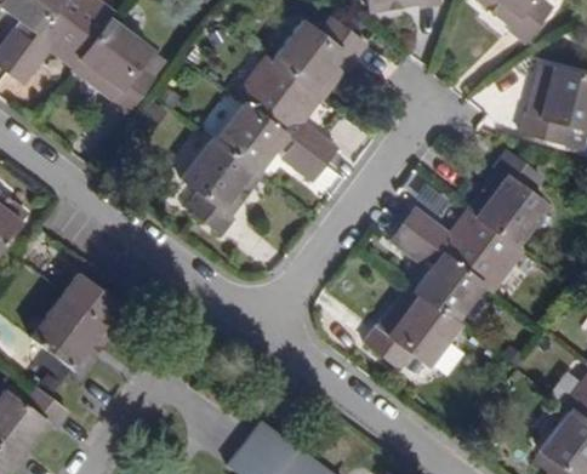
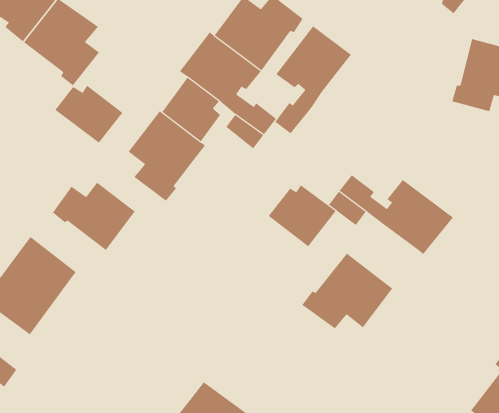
building: none -> [274,25,352,134]
building: none -> [54,85,123,143]
building: [469,150,549,246] -> none
building: none -> [52,182,136,251]
building: [414,256,485,321] -> [268,184,337,247]

